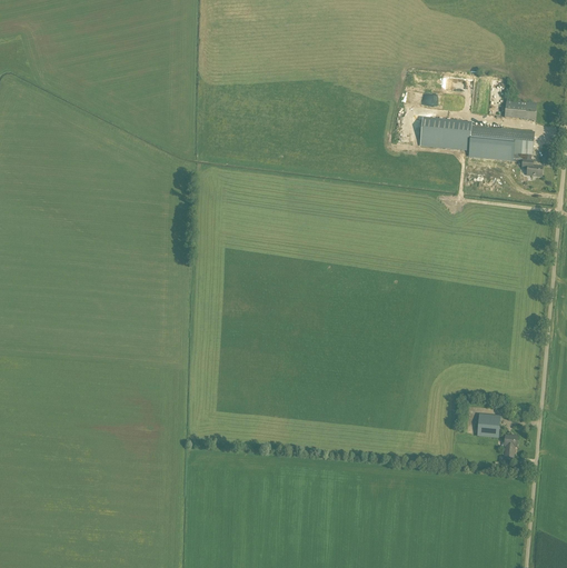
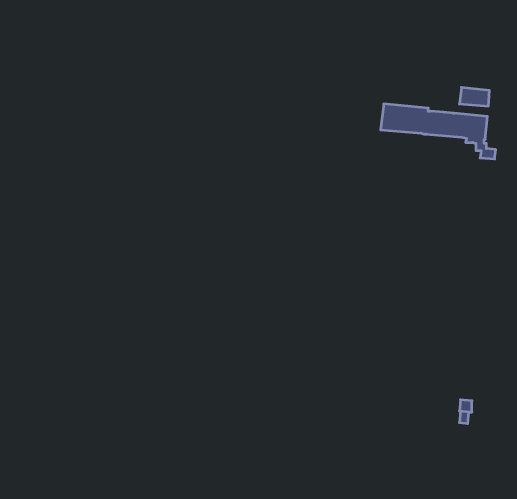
building: [475,415,499,438] -> none

